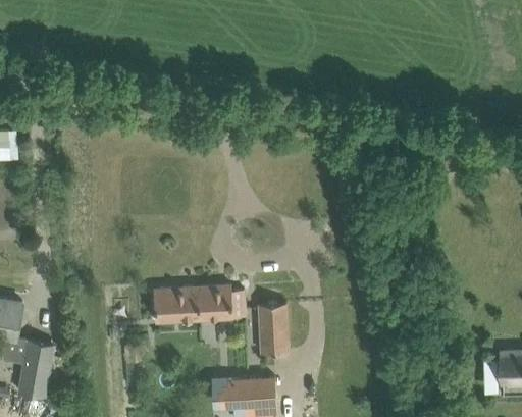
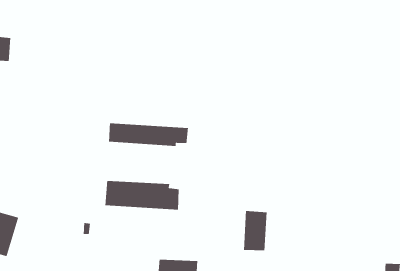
building: none -> [108,123,189,147]
building: [257,304,286,354] -> [243,210,268,251]

